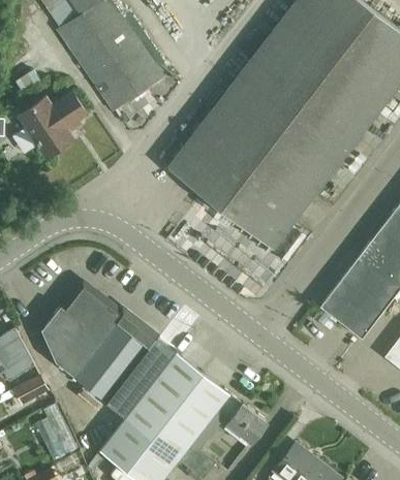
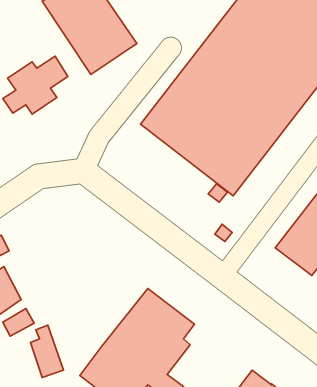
building: [40,282,176,417] -> none
building: [216,392,266,442] -> none

